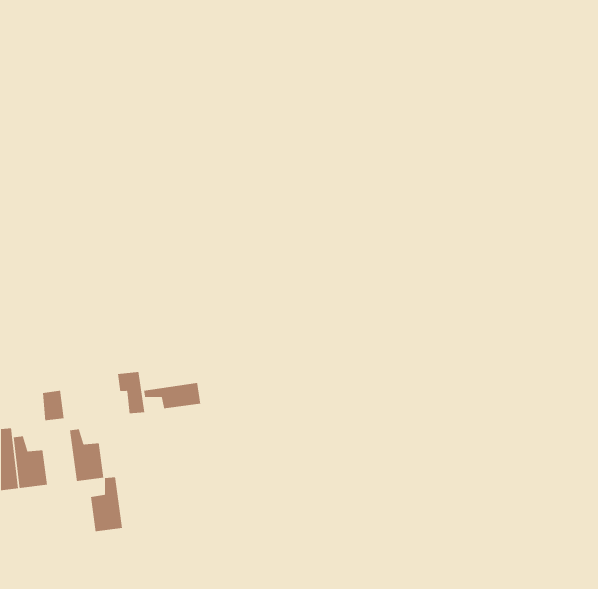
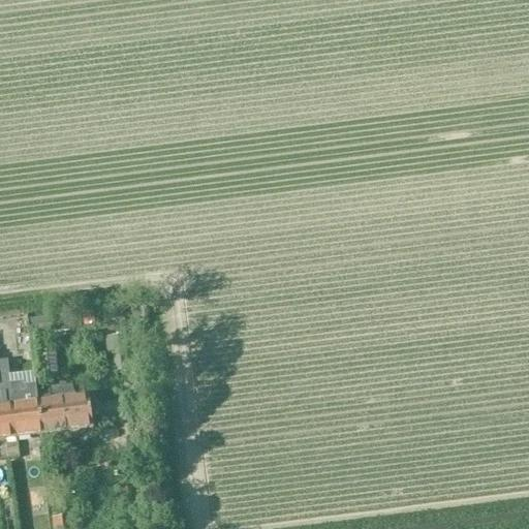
building: [143,382,201,409] -> none
building: [90,477,123,532] -> [38,380,67,429]

